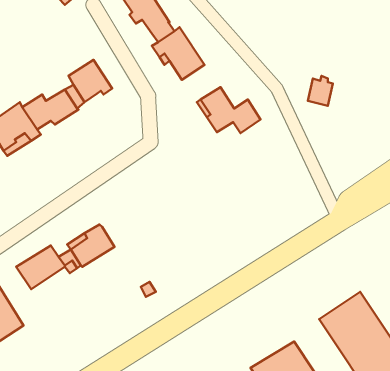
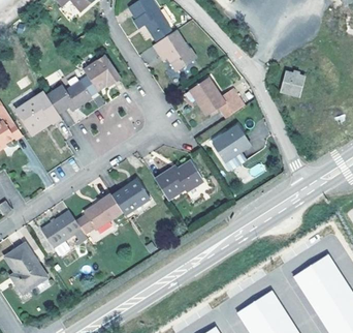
building: none -> [212,124,249,168]
building: none -> [155,160,203,198]
building: none -> [111,178,149,213]

